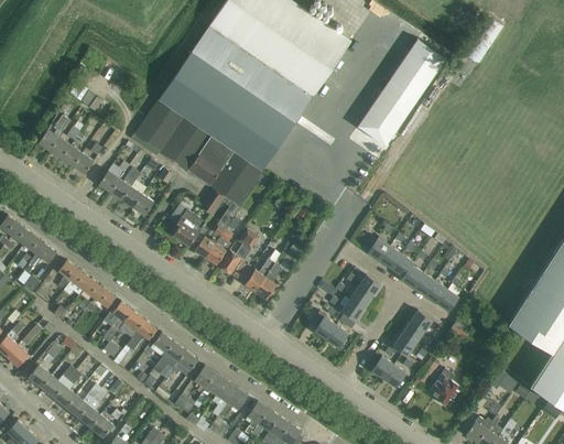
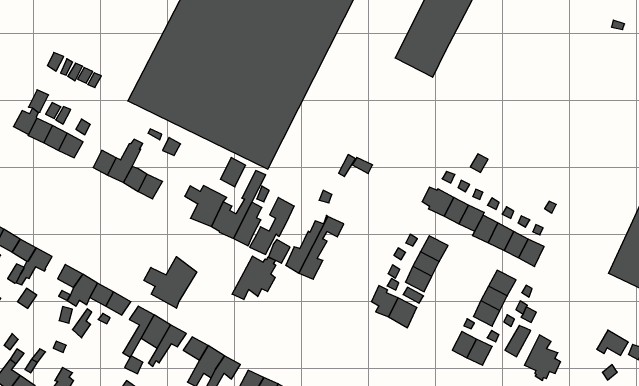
building: none -> [144,257,197,308]
building: none -> [232,256,276,300]

